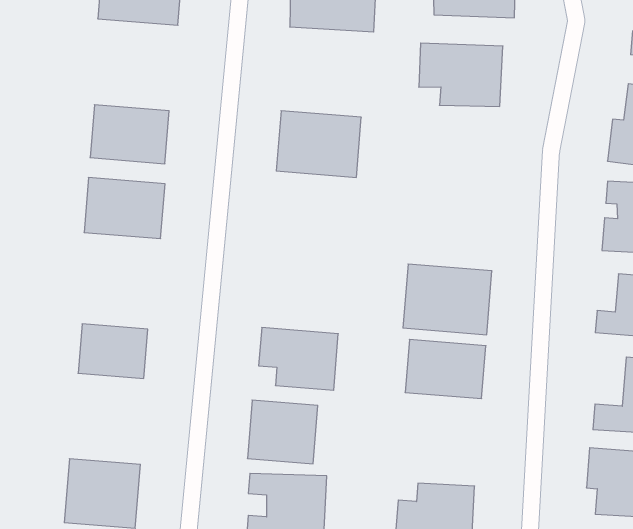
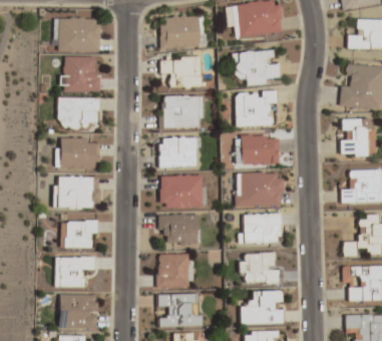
building: none -> [60,58,98,92]
building: none -> [160,56,203,87]
building: none -> [236,90,277,125]
building: none -> [158,136,201,165]
building: none -> [236,134,280,165]
building: none -> [54,177,99,208]
building: none -> [159,175,204,208]
building: none -> [55,256,93,286]
building: none -> [241,252,283,284]

